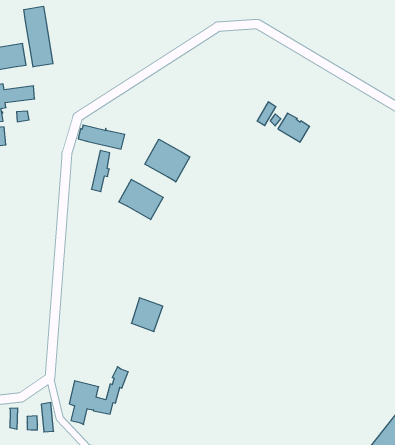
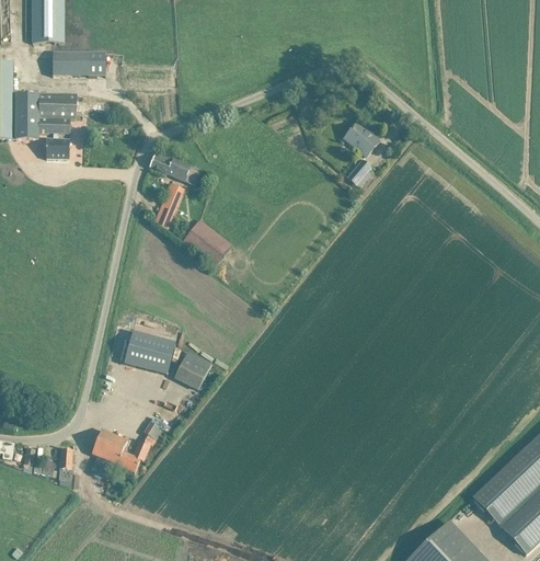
building: [24,6,53,67] -> none
building: [278,113,310,142] -> [344,122,379,156]
building: [145,139,190,182] -> none
building: none -> [125,330,175,374]

